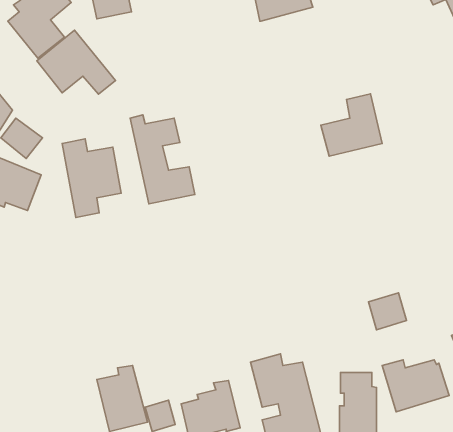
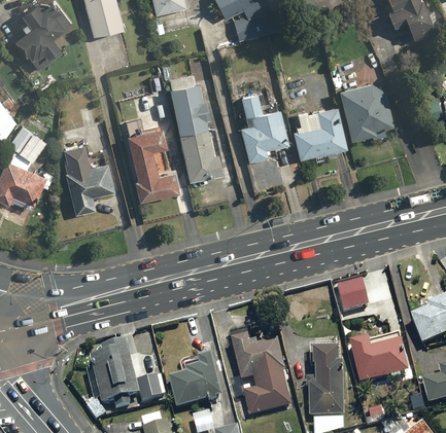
building: [37,30,115,94] -> none
building: none -> [339,79,399,142]
building: none -> [168,80,221,180]
building: none -> [239,93,288,161]

